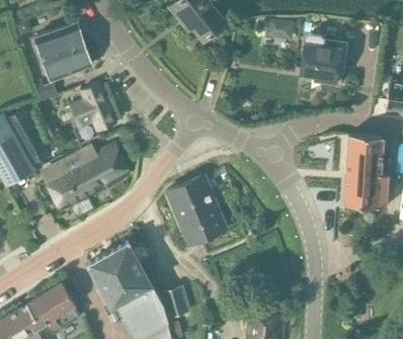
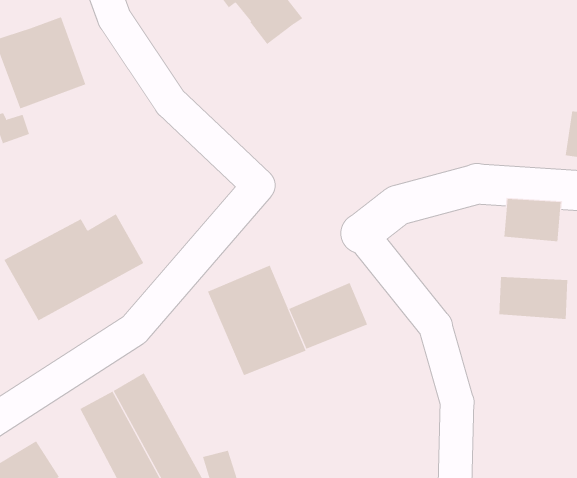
building: [265,19,295,41] -> none
building: [300,34,340,86] -> none
building: [69,84,115,131] -> none
building: [345,159,388,185] -> none
building: none -> [289,282,368,350]

